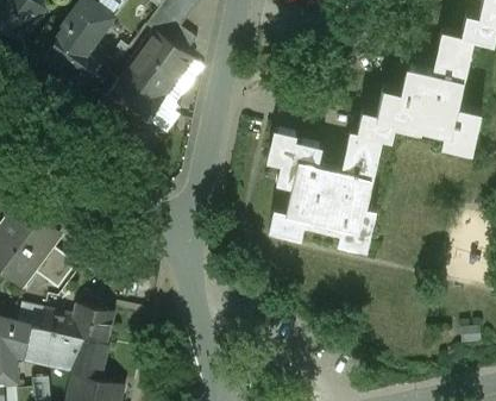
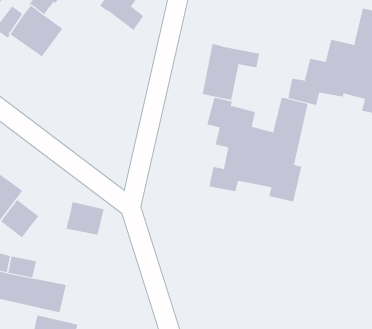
building: [102,33,192,131] -> none
building: none -> [202,43,260,100]
building: [70,305,114,343] -> [66,202,104,235]

